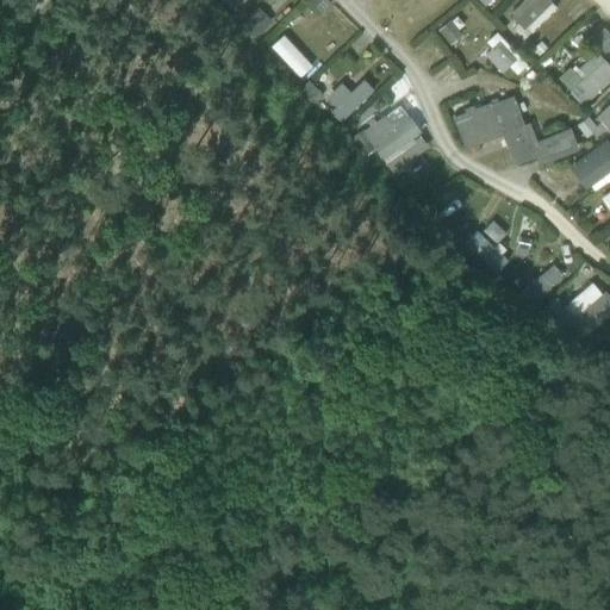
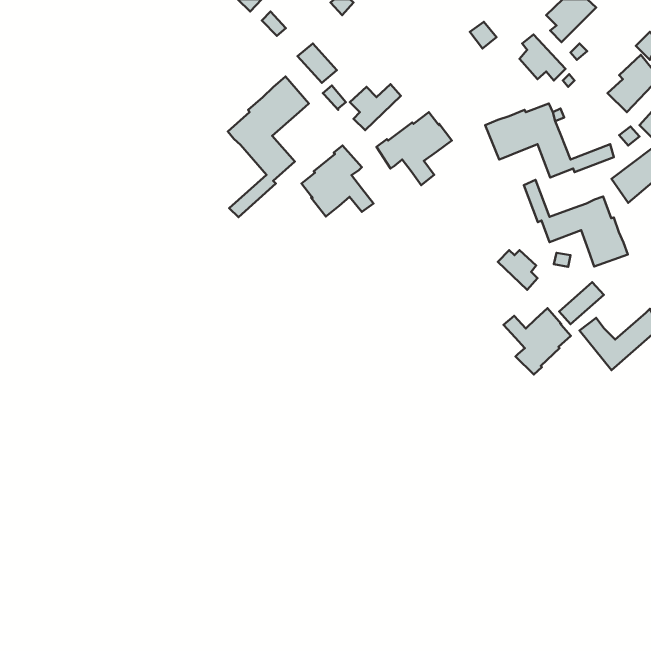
building: none -> [228,76,309,217]
building: none -> [302,145,374,216]
building: none -> [524,180,628,266]
building: none -> [504,308,571,374]

